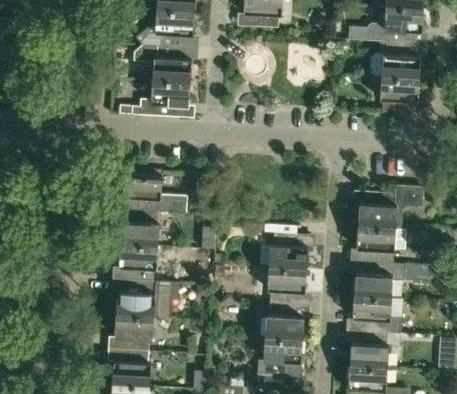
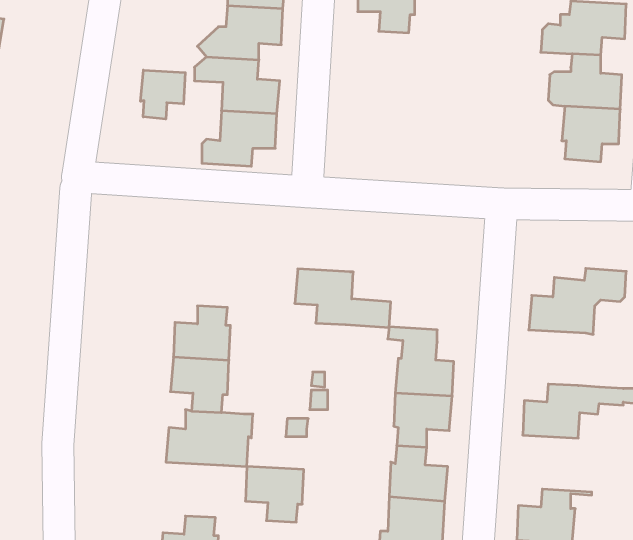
building: none -> [141,70,185,119]
building: [123,174,187,213] -> [295,269,391,328]
building: [357,226,407,263] -> none
building: [353,296,401,334] -> none
building: [115,314,154,351] -> [245,467,304,522]

